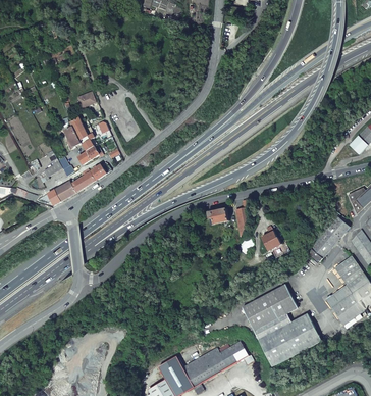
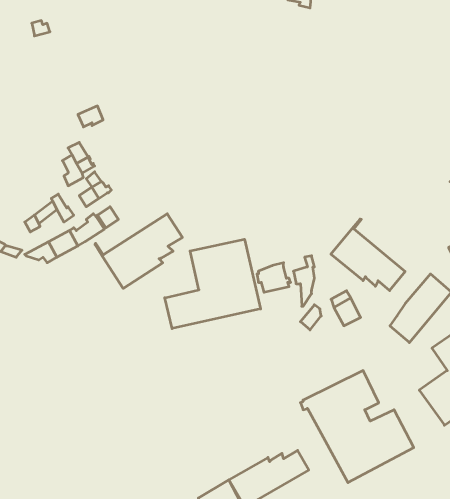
building: none -> [95,214,182,288]
building: none -> [331,219,405,291]
building: none -> [165,239,261,329]

